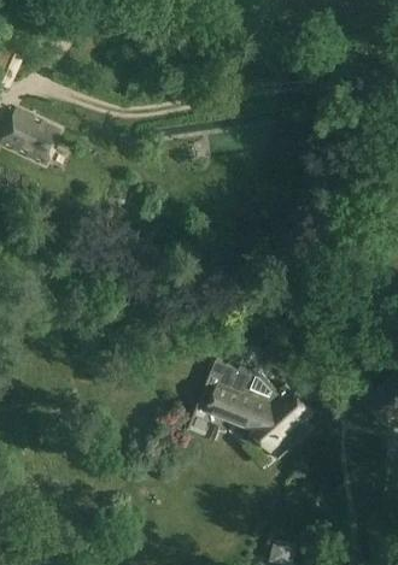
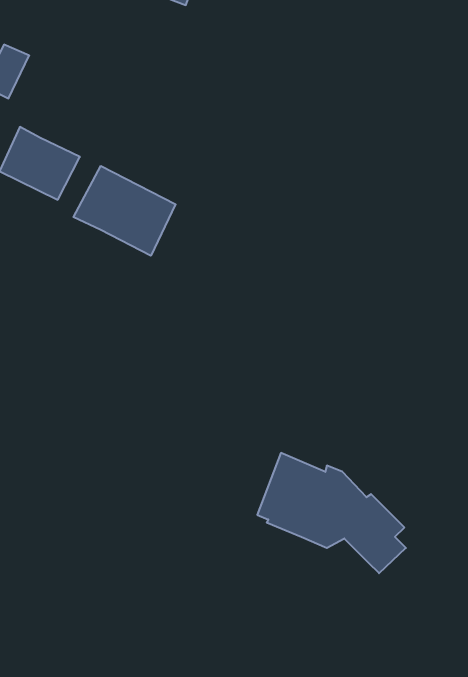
building: none -> [73,166,176,256]

